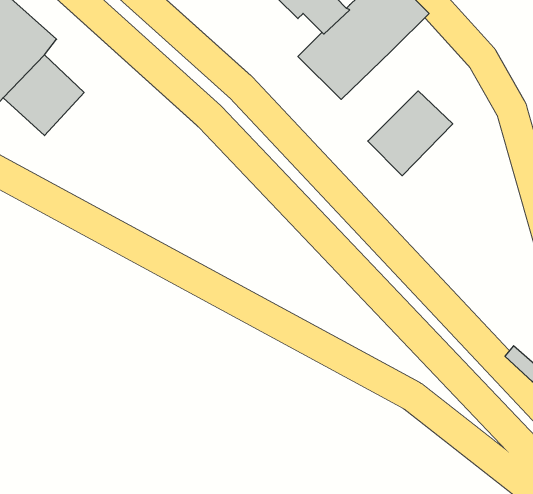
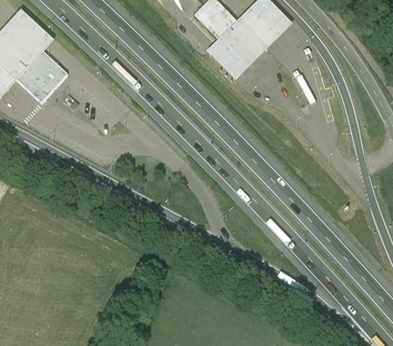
building: [368,91,453,176] -> none

